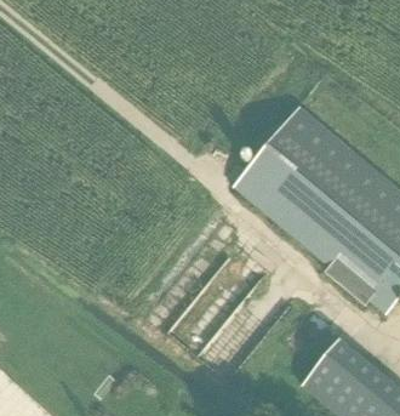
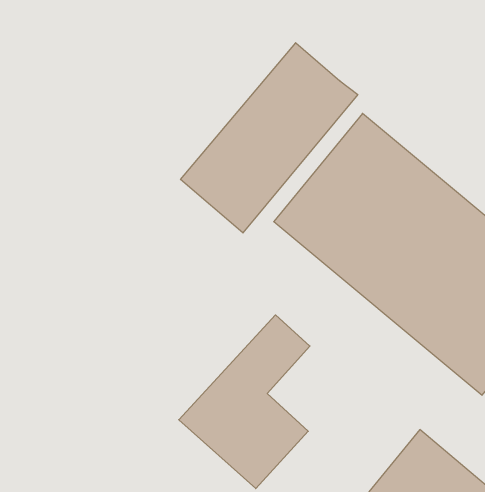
building: none -> [181,43,358,233]

